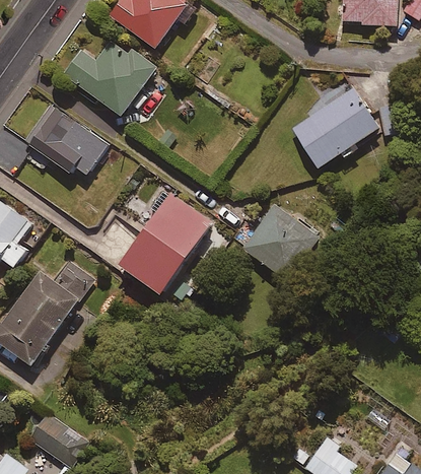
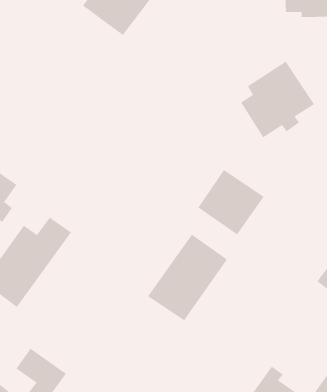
building: [63,41,156,117] -> none
building: [23,104,108,176] -> none
building: [118,193,212,295] -> [147,234,228,321]

